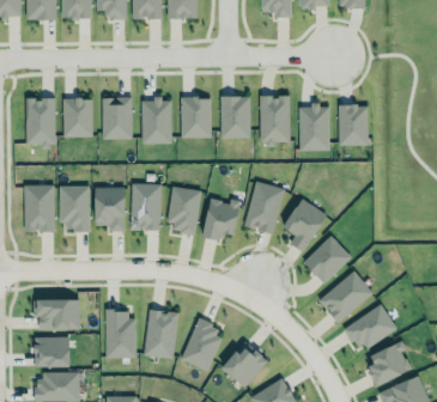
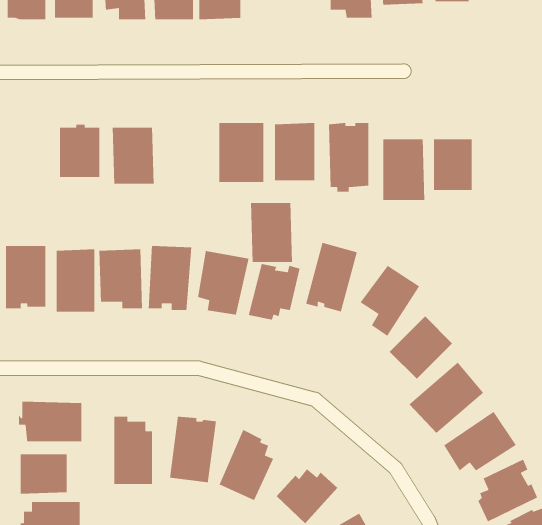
building: [25,99,56,146] -> none
building: [141,100,172,145] -> [250,202,293,263]

